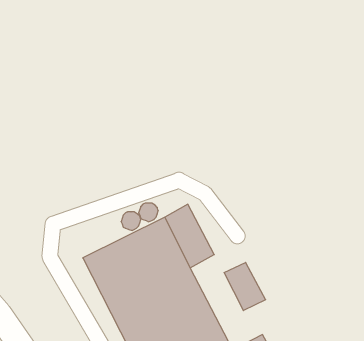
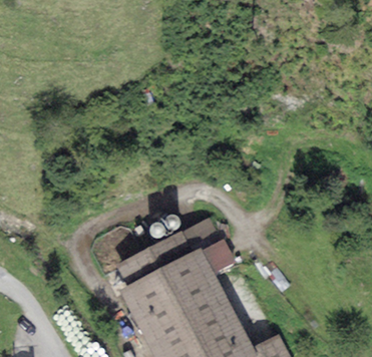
building: [224,262,266,311] -> none

